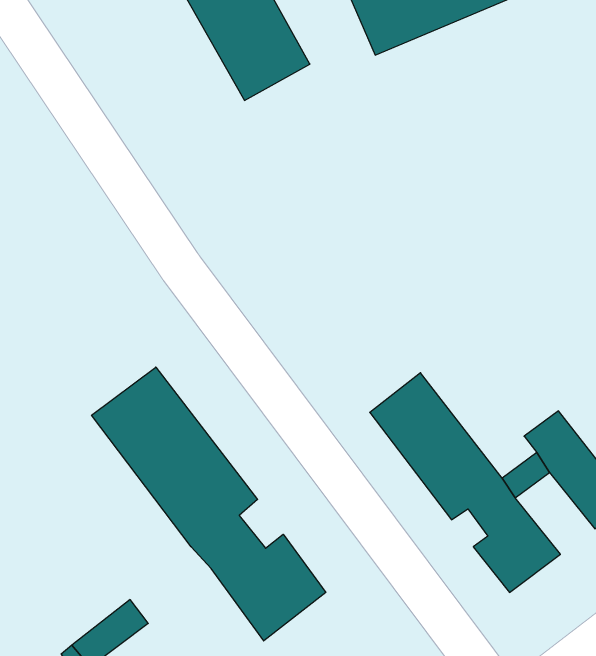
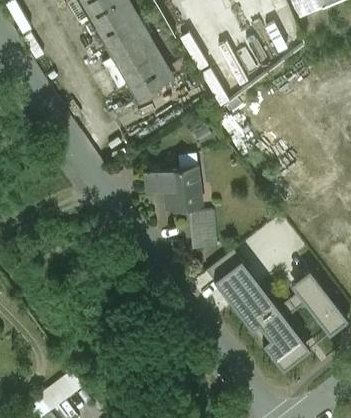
building: none -> [145,156,201,211]
building: none -> [189,213,217,250]
building: [92,367,326,641] -> none

